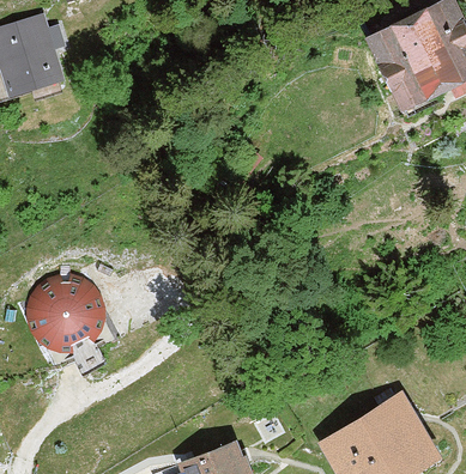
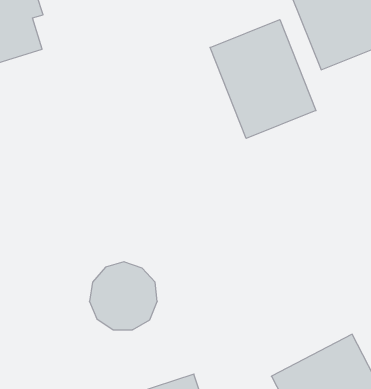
building: none -> [210,20,316,138]
building: [30,273,105,348] -> [89,262,157,330]

